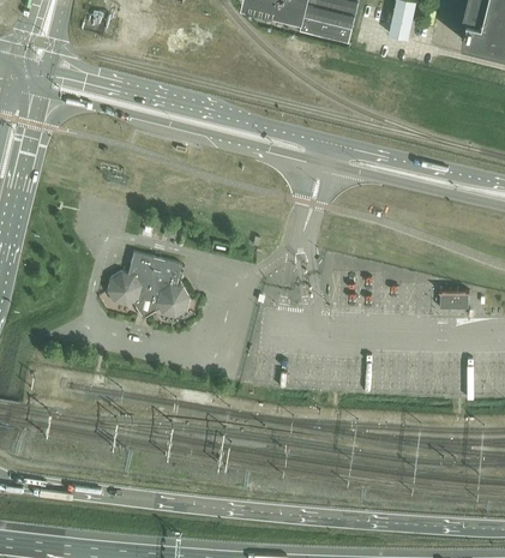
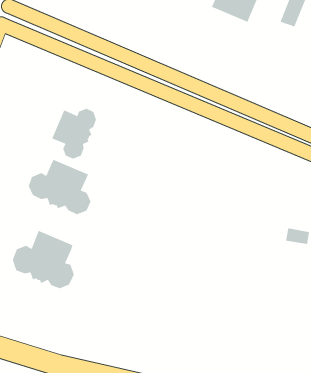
building: none -> [51,108,97,159]
building: none -> [12,230,75,289]

